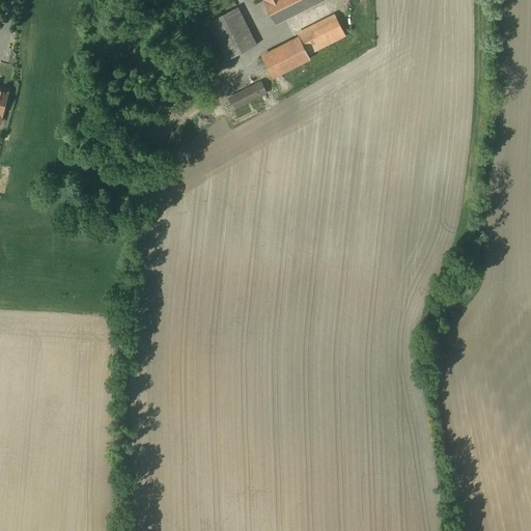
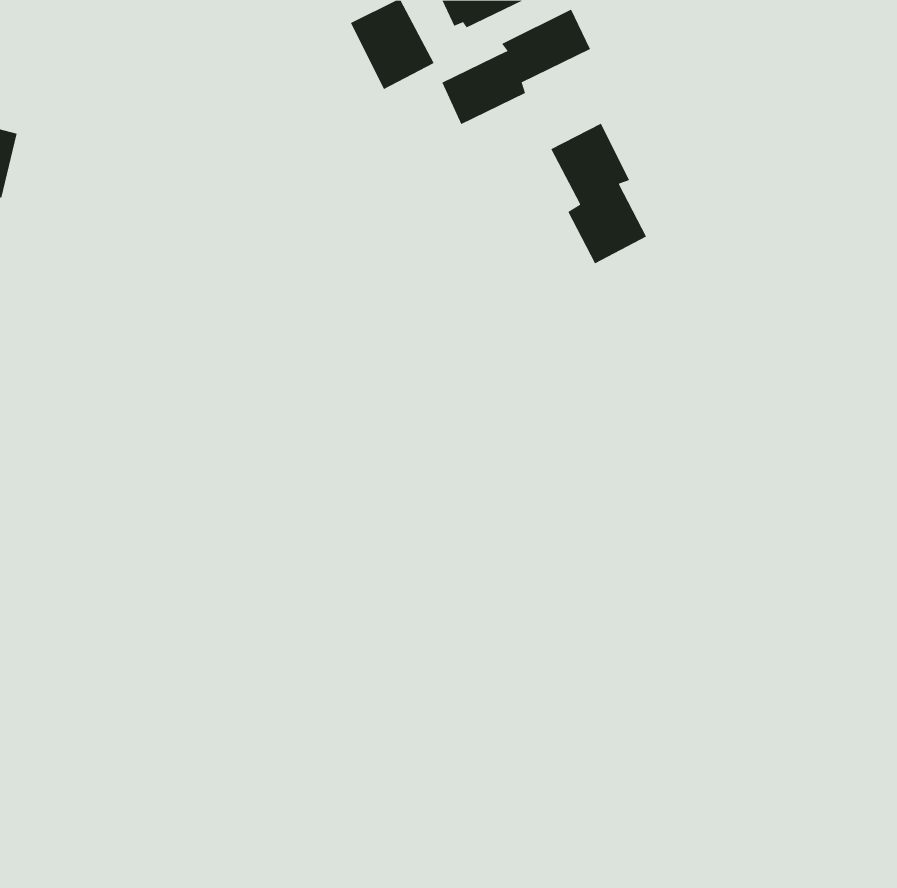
building: [227,78,268,108] -> none
building: none -> [551,123,647,264]

